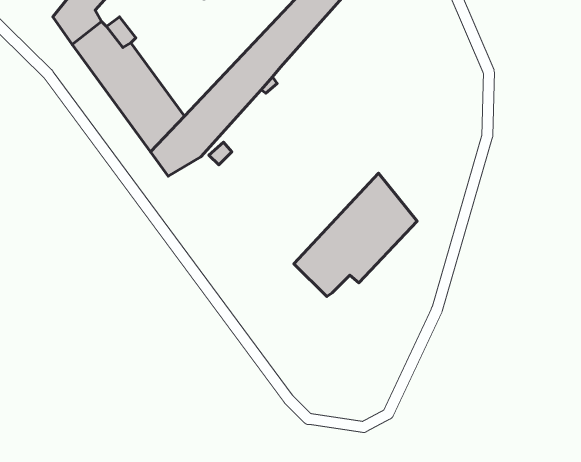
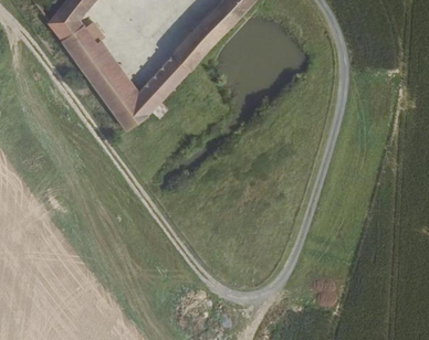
building: [294,173,417,296] -> none

